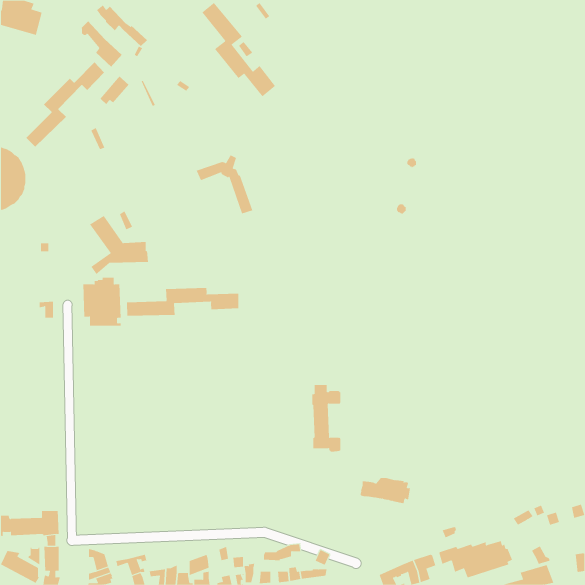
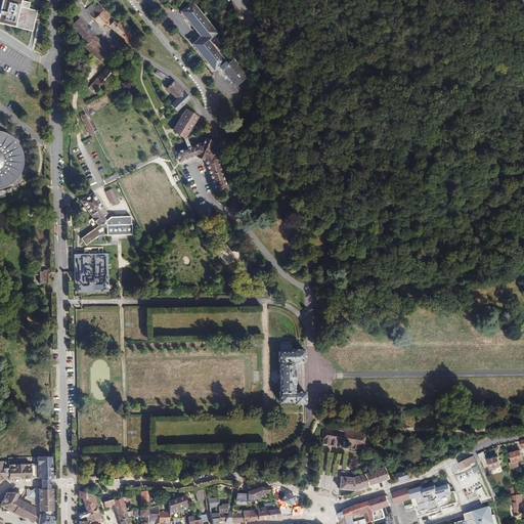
building: [26,62,105,147] -> none
building: none -> [166,81,199,137]
building: [126,287,239,317] -> none
building: none -> [339,467,388,490]

